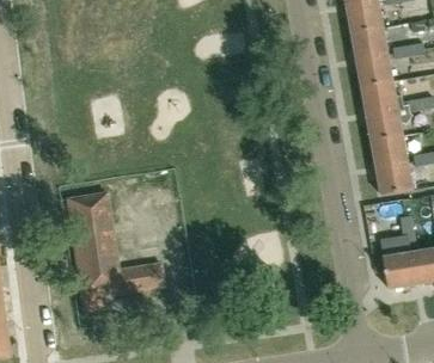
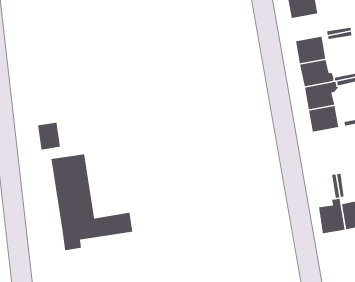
building: [352,26,389,59] -> none
building: none -> [37,122,61,150]
building: [377,161,414,195] -> none

